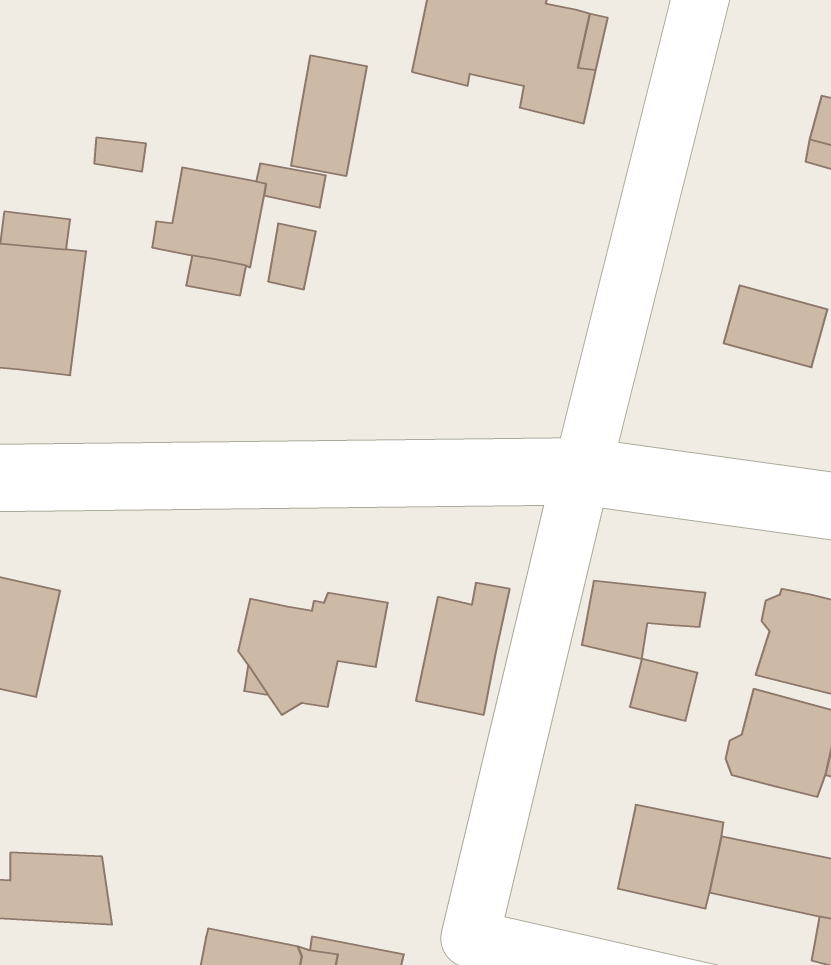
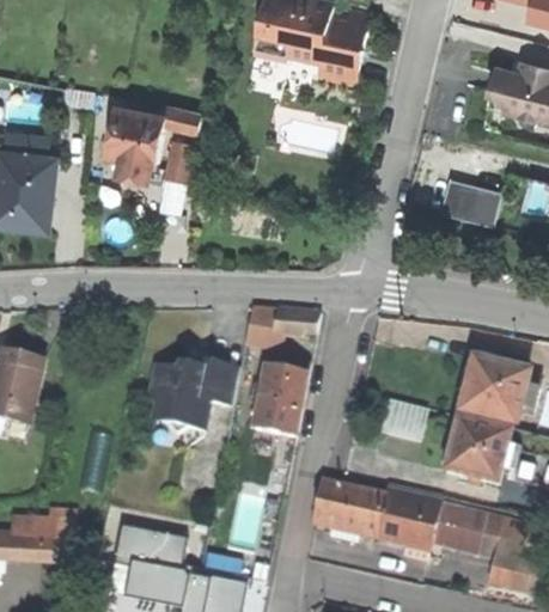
building: [291,55,367,176] -> none
building: [582,581,706,659] -> [244,305,318,351]
building: none -> [311,481,385,538]
building: none -> [111,524,185,571]

